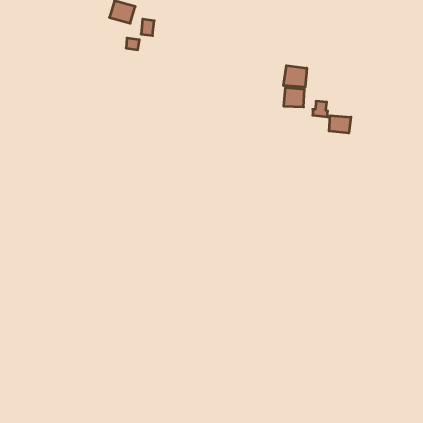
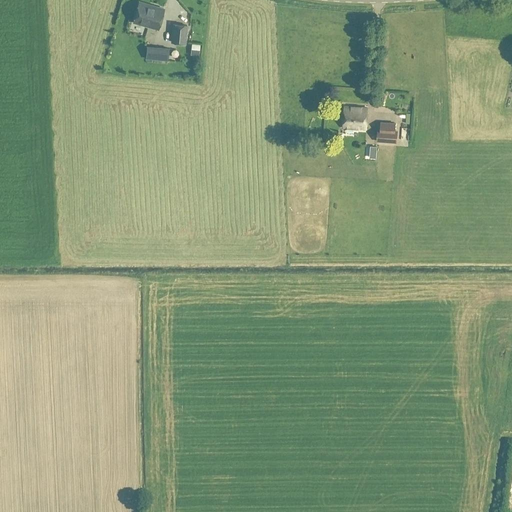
building: [284,66,307,87] -> none
building: [329,116,351,133] -> none

